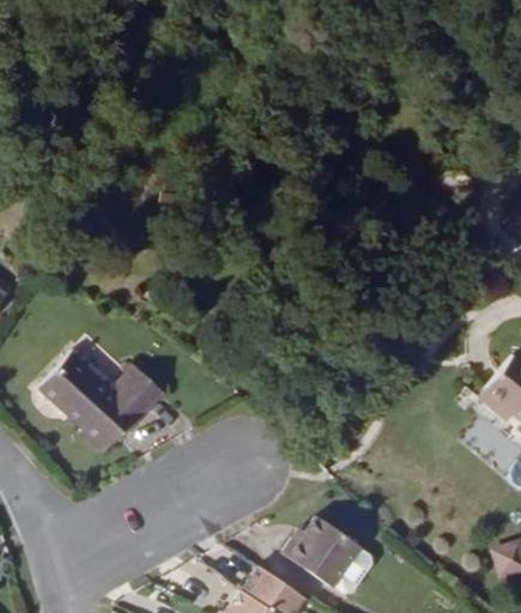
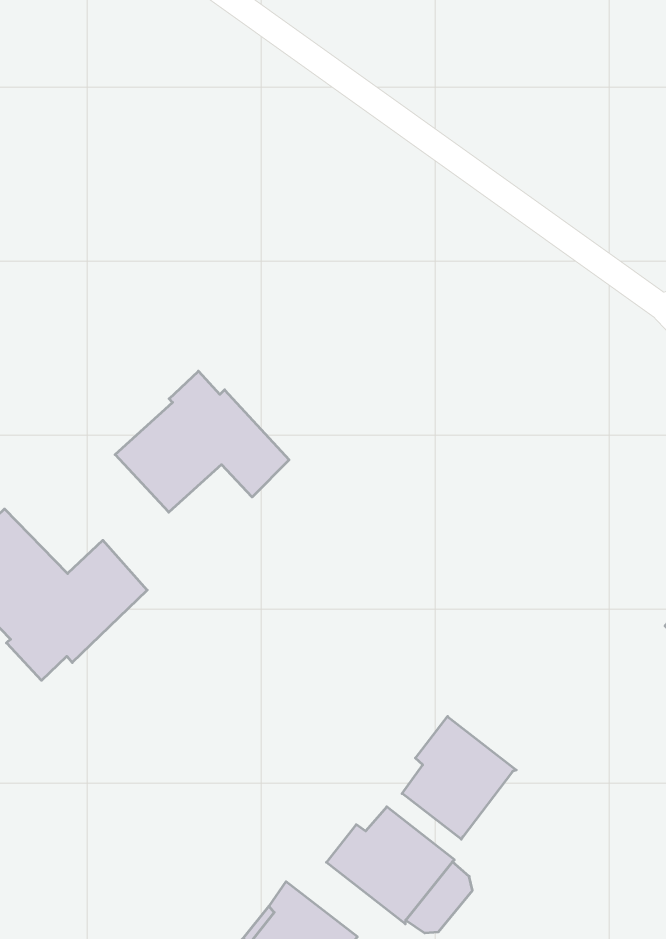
building: none -> [115,371,289,512]
building: none -> [402,716,516,839]

